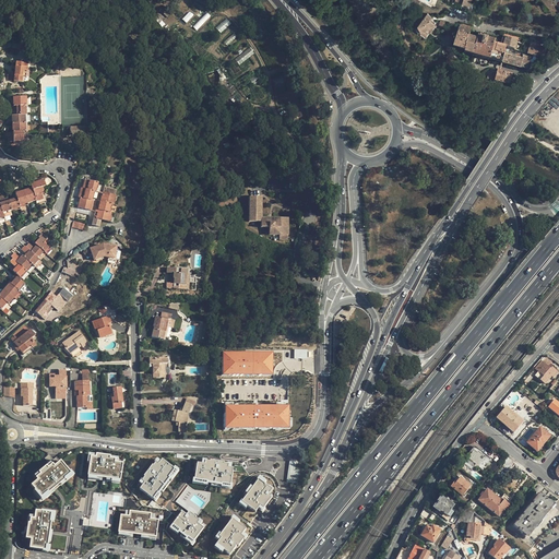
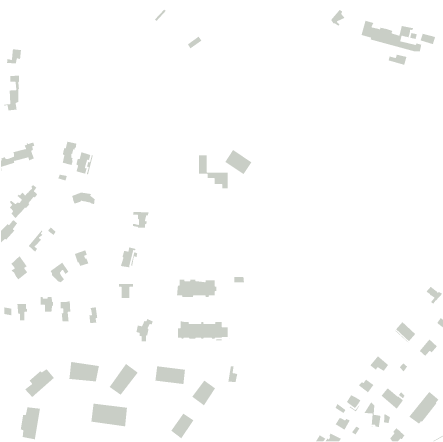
building: none -> [224,149,253,175]
building: [171,509,203,538] -> none

